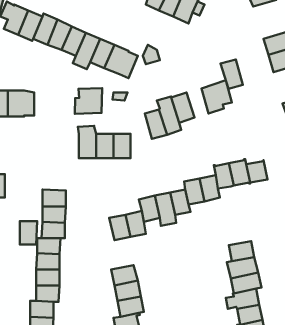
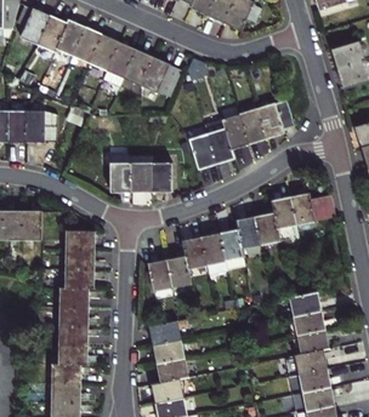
building: [221,60,243,89] -> [238,108,265,143]
building: [75,88,102,114] -> none
building: [20,221,37,244] -> [21,211,41,239]

